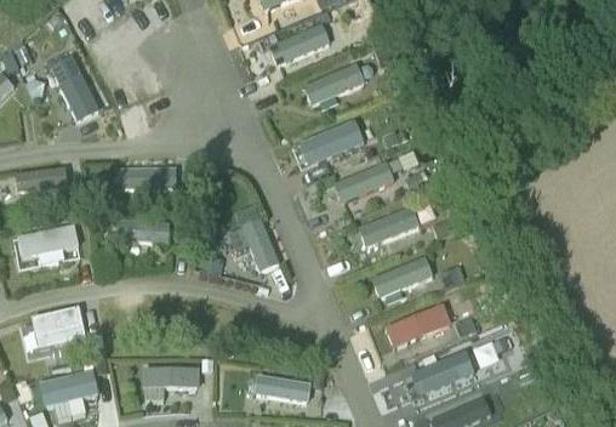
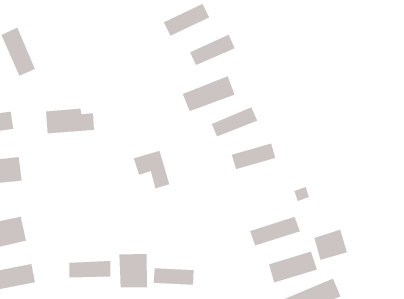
building: [115,218,170,241] -> none
building: [371,260,434,295] -> none
building: none -> [119,253,147,288]

